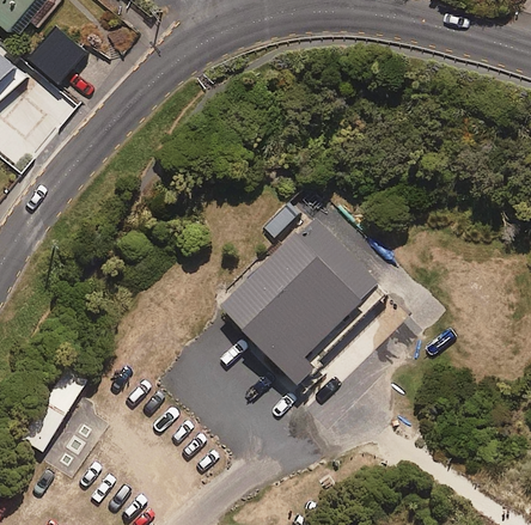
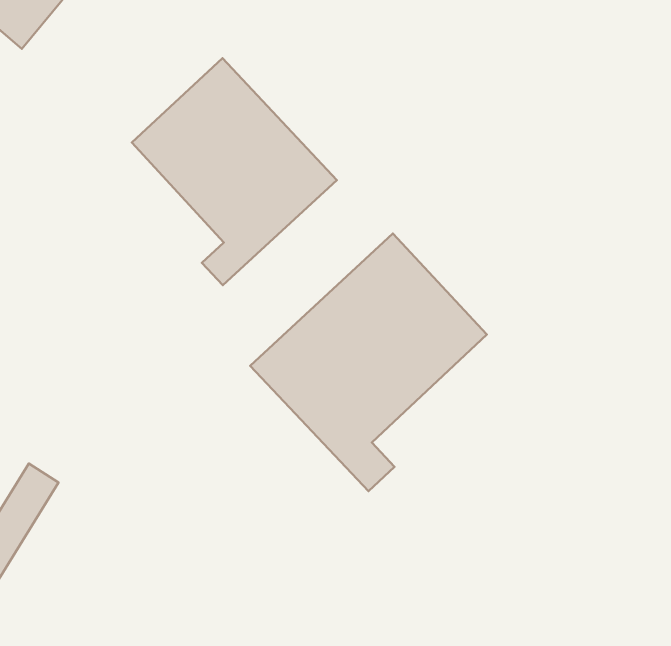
building: none -> [132,58,337,285]

